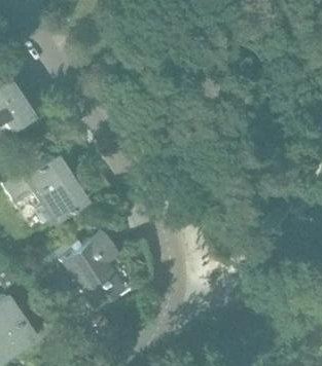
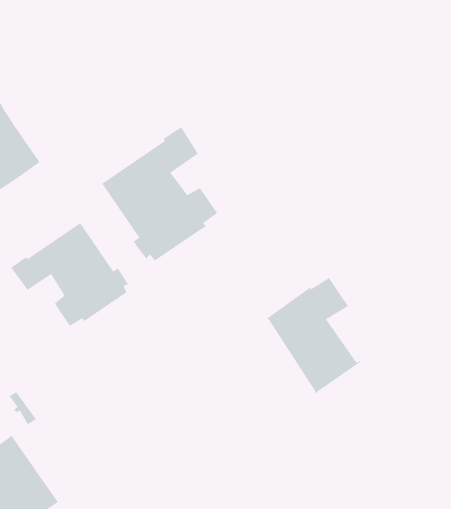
building: none -> [101,126,218,261]
building: [66,232,130,310] -> [265,276,361,395]

